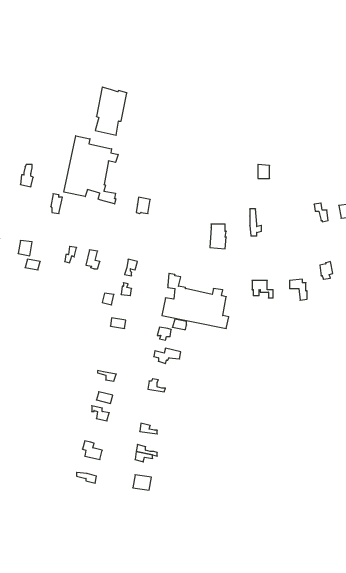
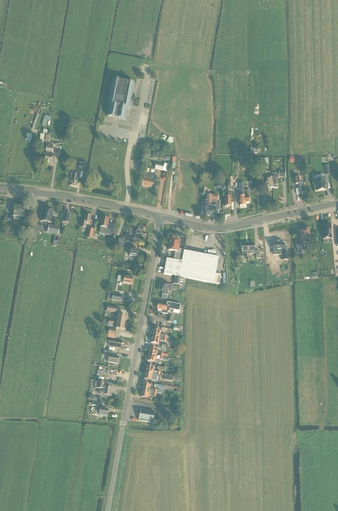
building: [64,136,118,204] -> none

